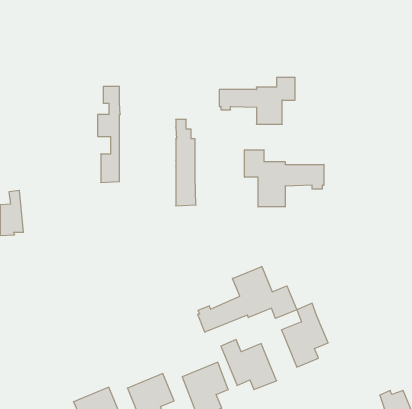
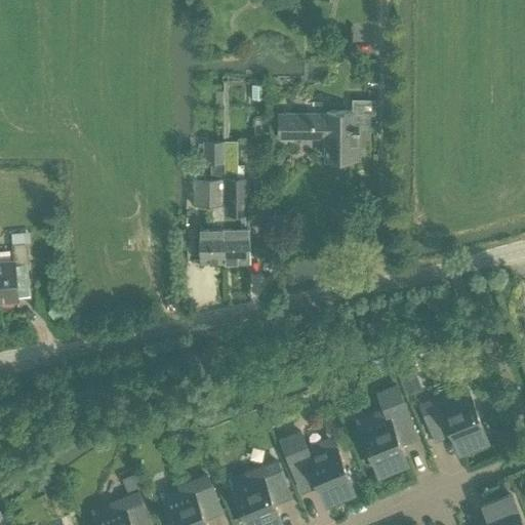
building: [98,86,120,182] -> [196,145,225,267]
building: [245,150,324,207] -> none
building: [198,266,297,332] -> none
building: none -> [420,390,485,448]

